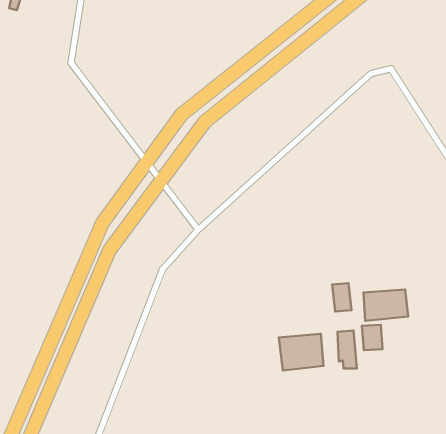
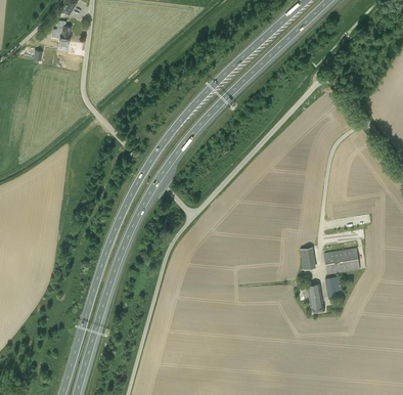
building: [279,334,323,371] -> none

